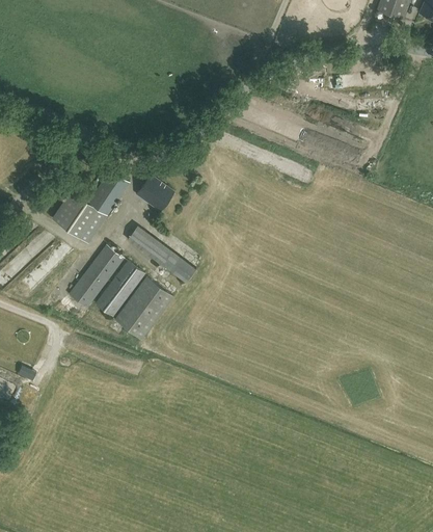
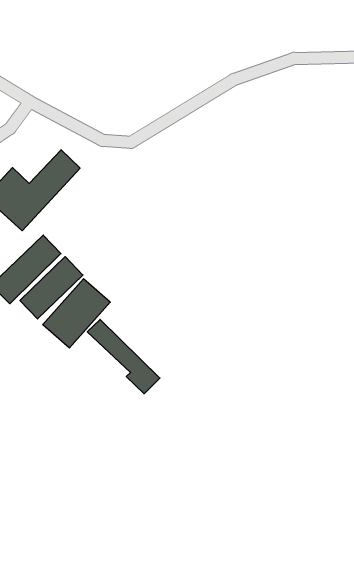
building: [136,176,172,212] -> none
building: [129,225,197,284] -> [87,319,160,394]

